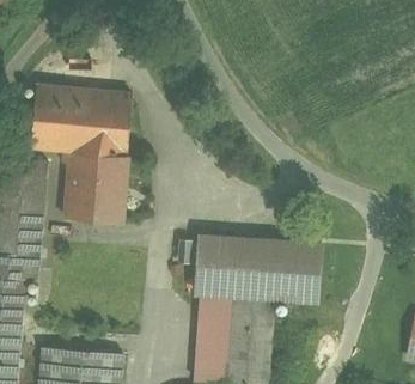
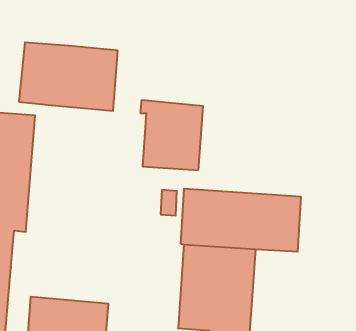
building: [62,148,127,220] -> [140,100,203,170]

